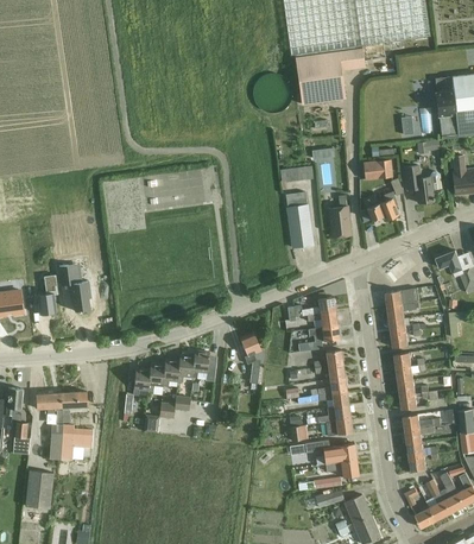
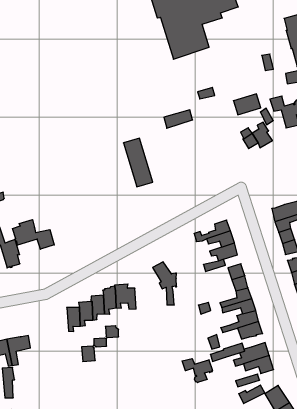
building: [286,192,312,247] -> [123,138,153,187]
building: [328,195,350,236] -> none
building: none -> [13,220,54,249]
building: [58,425,93,461] -> none
building: none -> [182,359,212,383]

